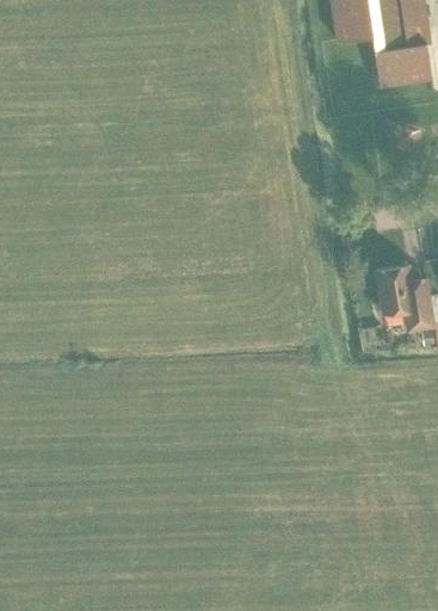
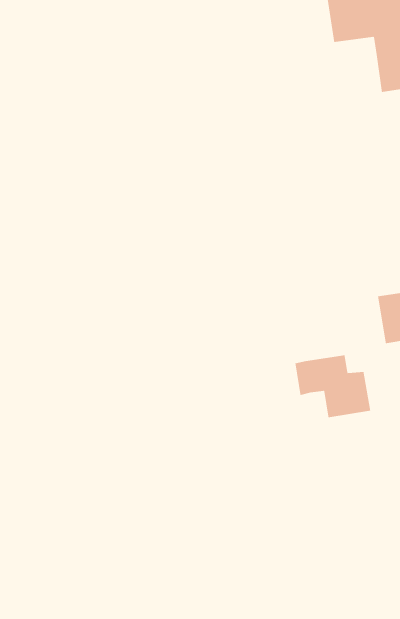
building: none -> [295,355,371,418]

